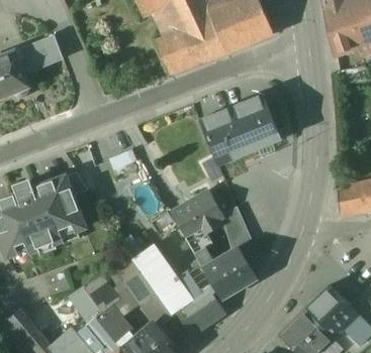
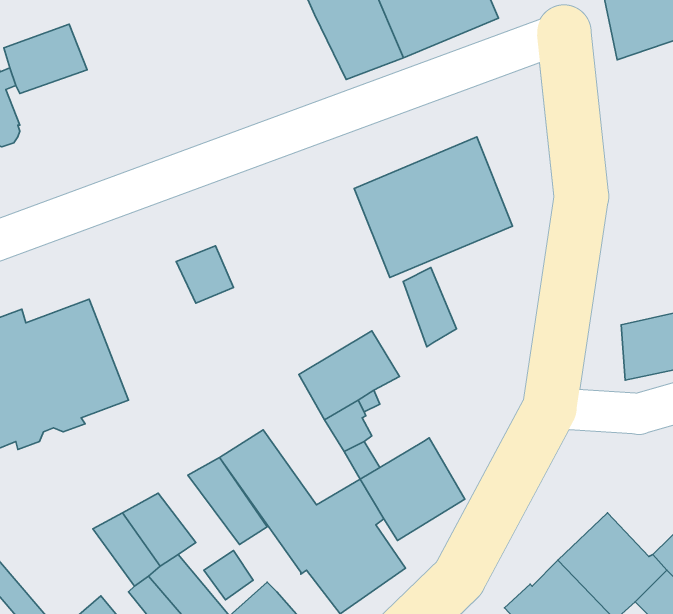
building: [154,30,196,74] -> none
building: [223,208,251,248] -> [403,268,457,347]
building: [142,291,173,325] -> none

